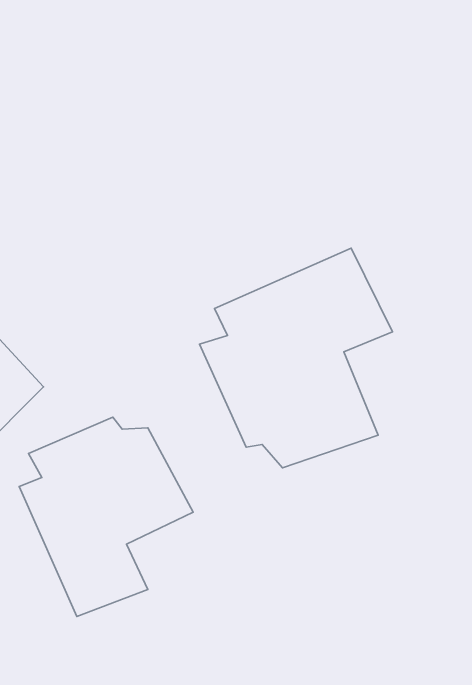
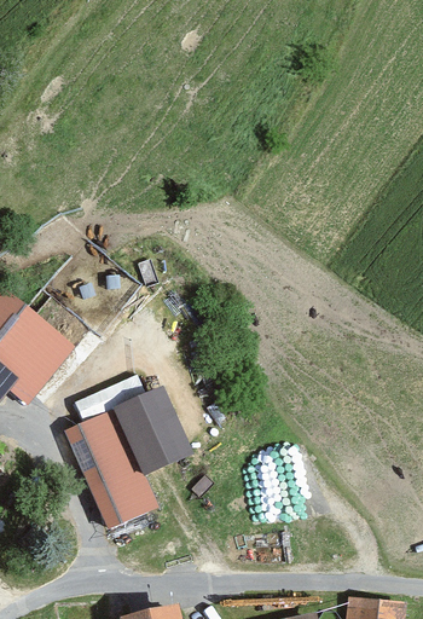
building: [200,248,392,468] -> none

